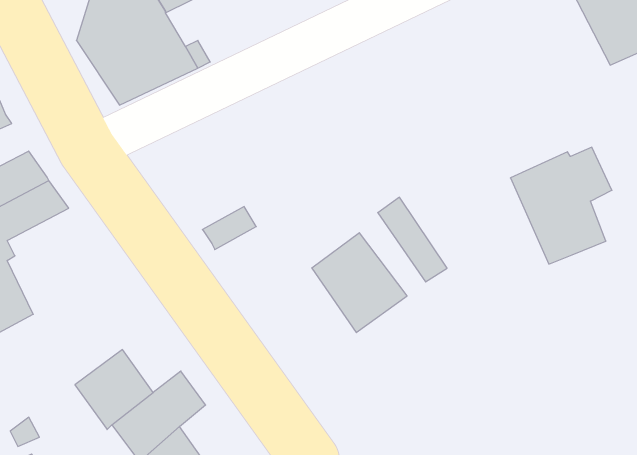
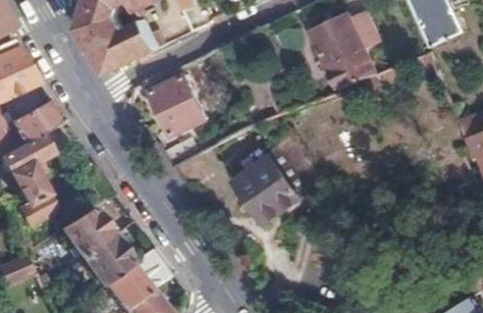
building: none -> [152,73,208,135]
building: [510,147,612,264] -> [311,11,378,89]
building: none -> [58,207,110,257]

